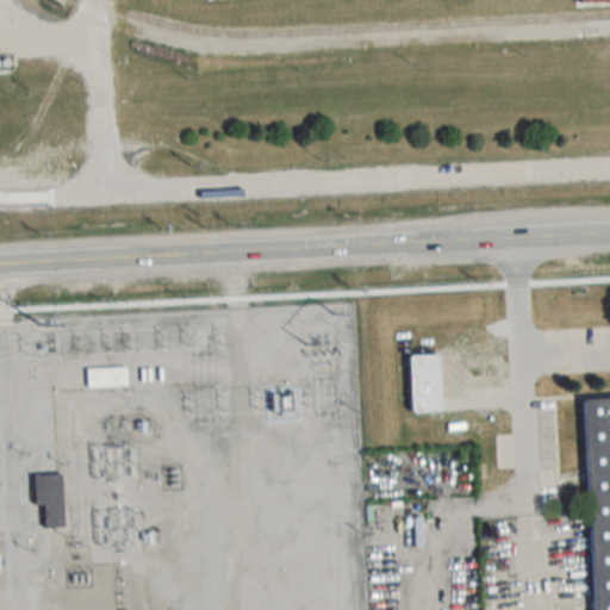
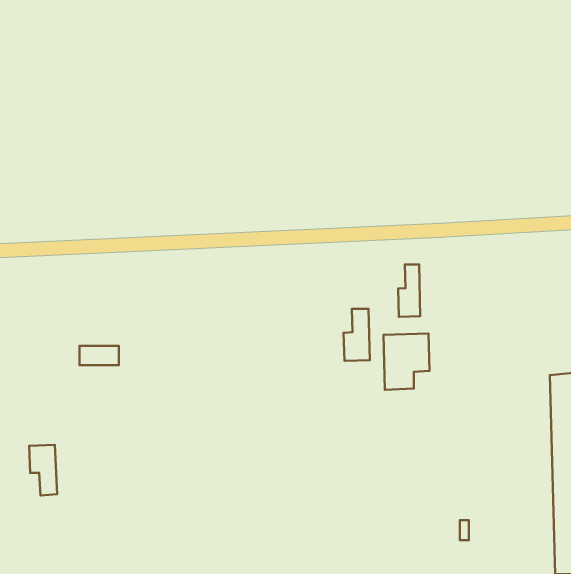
building: none -> [398,265,420,317]
building: none -> [344,309,370,361]

